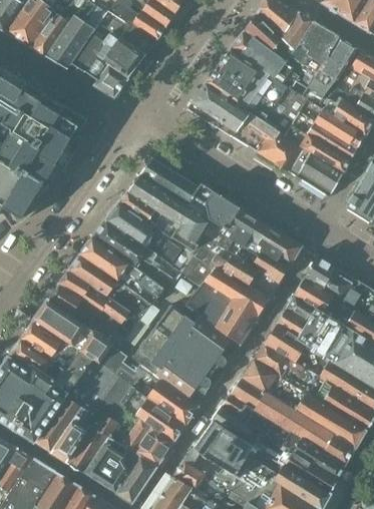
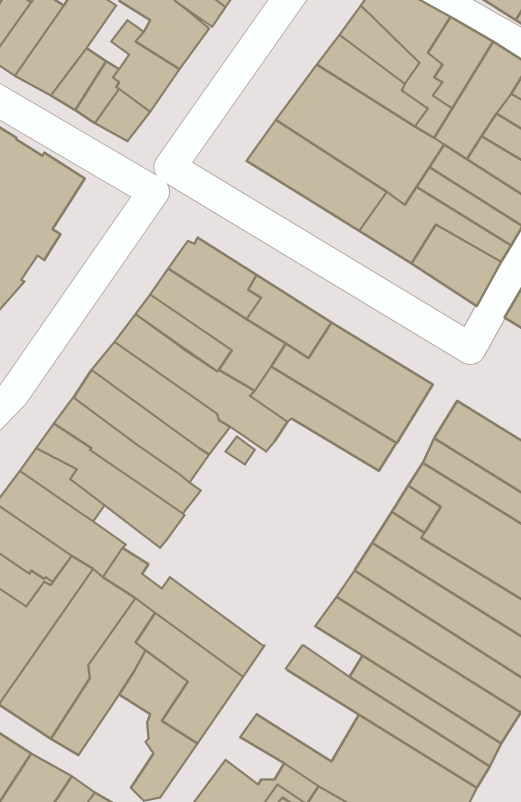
building: [184,268,268,347] -> none
building: [131,306,231,407] -> none
building: [193,422,256,478] -> none
building: [83,437,129,494] -> none
building: [173,463,210,492] -> none

